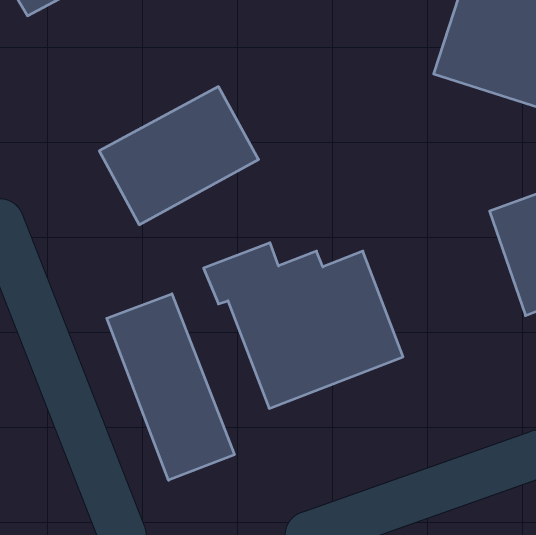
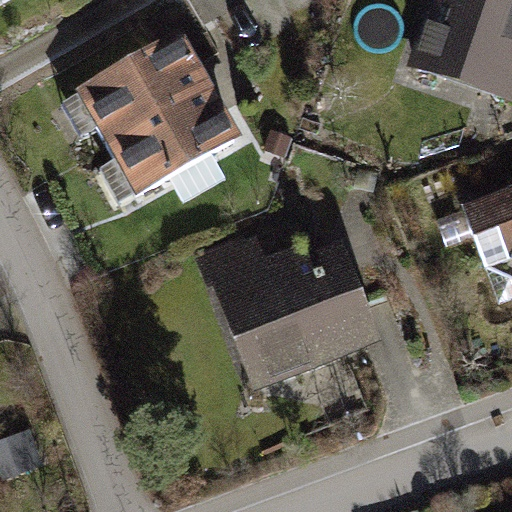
building: none -> [59,13,210,143]
building: [107,294,234,480] -> none

